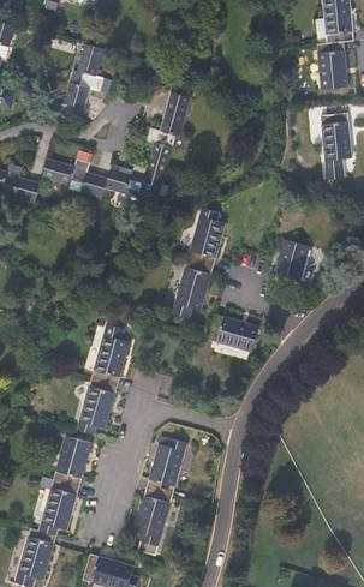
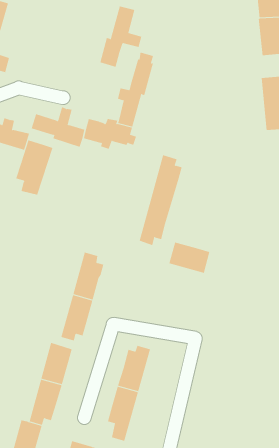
building: [60,43,112,118] -> [99,6,142,67]
building: none -> [16,139,53,195]
building: [271,239,309,290] -> none

